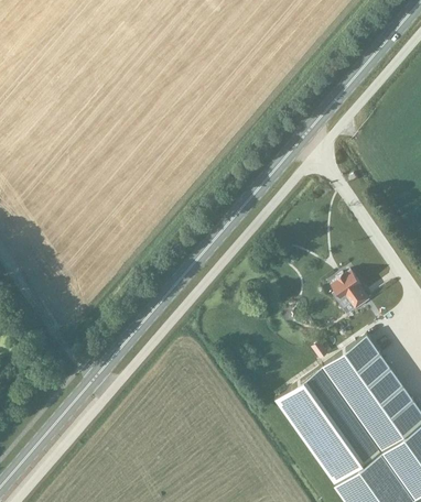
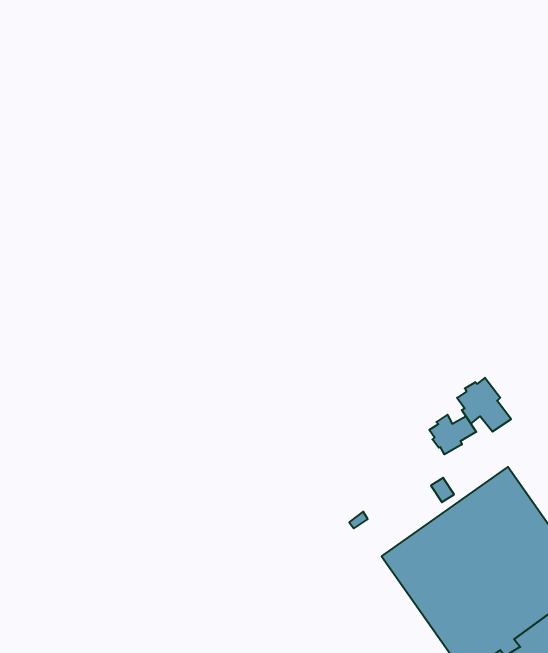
building: none -> [429,415,476,454]

